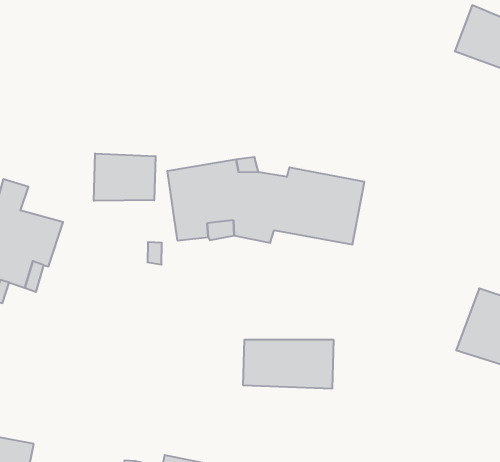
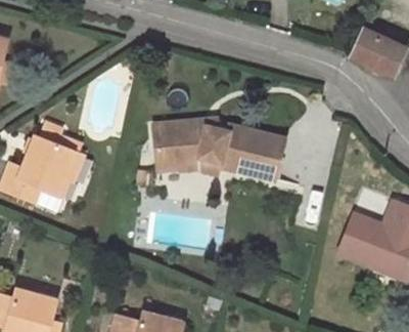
building: [94,153,156,201] -> none
building: [243,340,333,389] -> none

